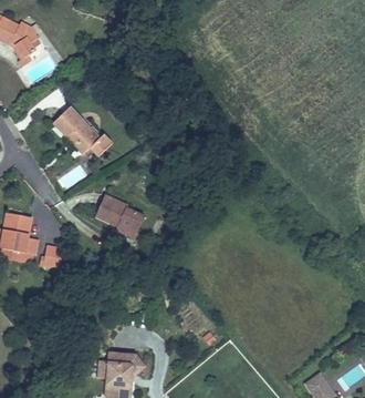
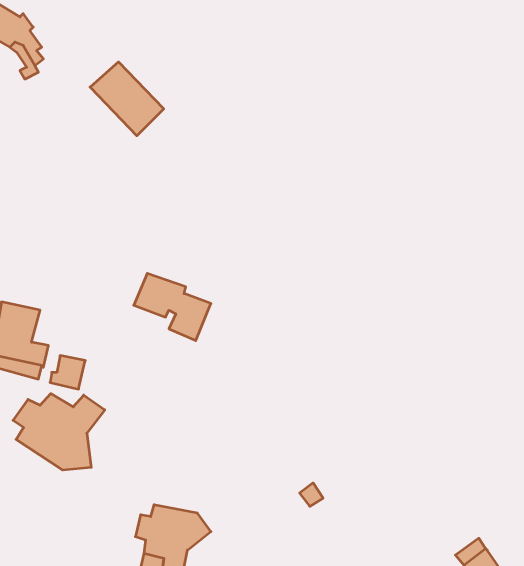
building: [51,102,100,151] -> [90,62,164,136]
building: none -> [13,394,105,470]

